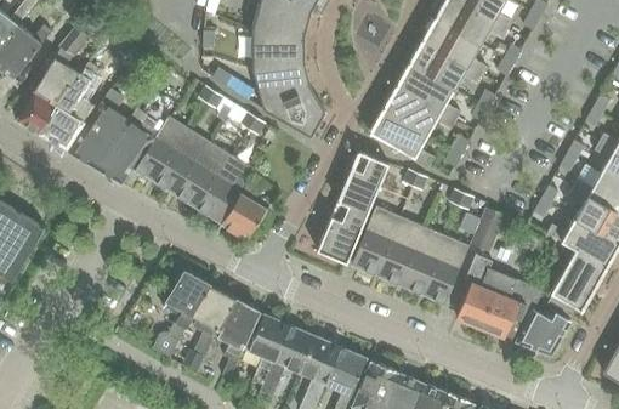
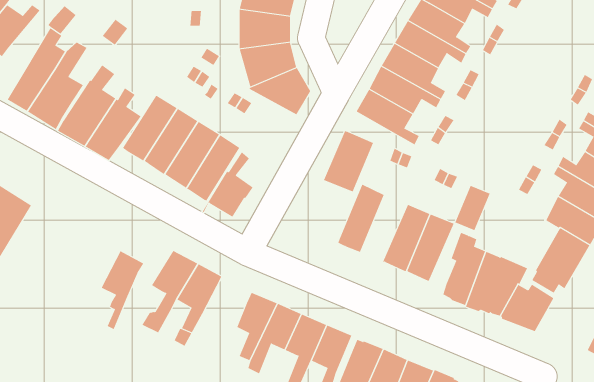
building: [316,201,367,263] -> none
building: [374,216,421,284] -> none
building: [215,299,259,379] -> [101,250,144,330]

